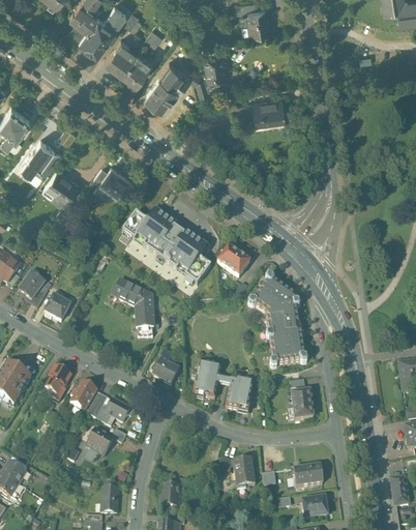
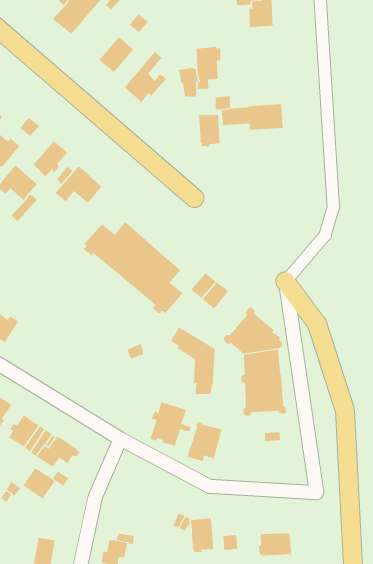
building: [106,37,138,71] -> none
building: none -> [199,114,220,147]
building: none -> [33,140,68,177]
building: [114,279,154,336] -> [170,327,215,394]
building: [153,348,180,383] -> none
building: [287,389,313,417] -> none

